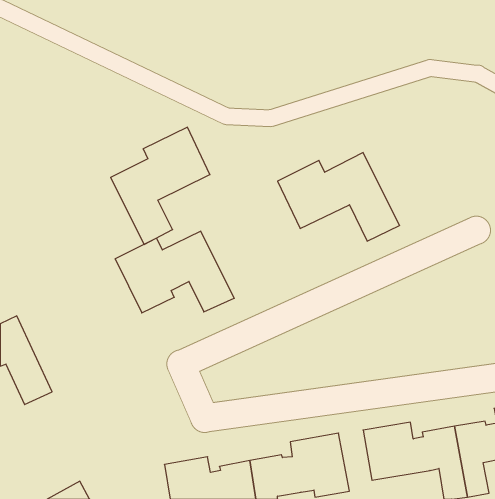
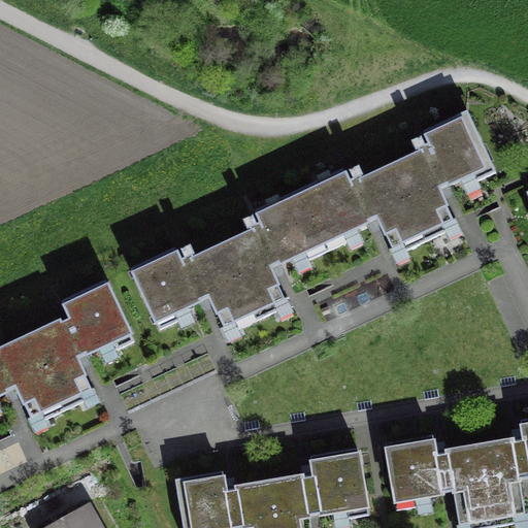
building: none -> [389,110,495,236]
building: [111,127,210,244] -> [219,190,323,312]
building: none -> [26,283,128,410]

